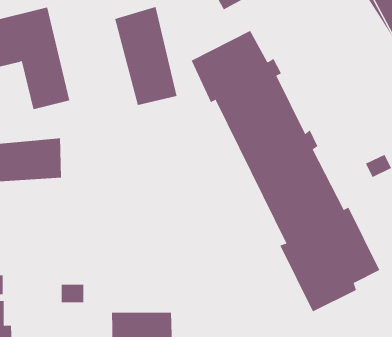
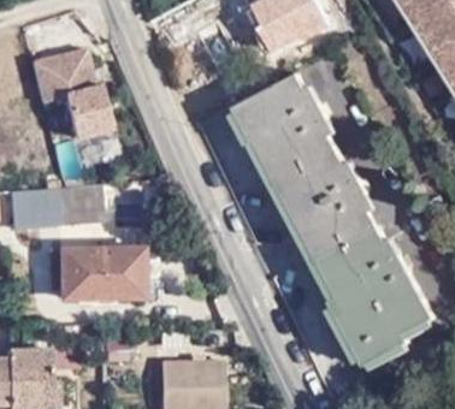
building: [114,6,177,106] -> none
building: none -> [60,249,141,301]

